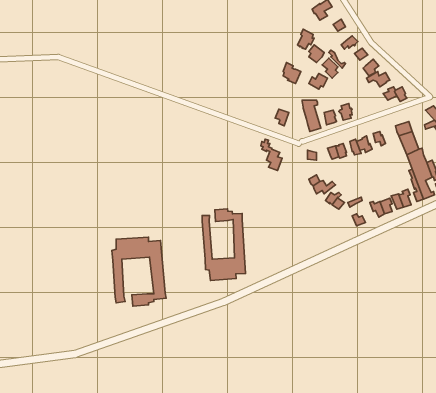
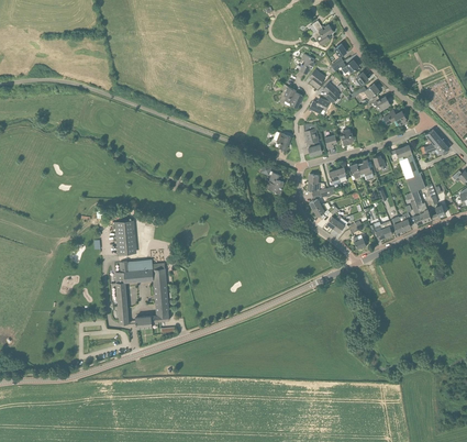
building: none -> [115,221,136,255]
building: [202,209,245,280] -> none

